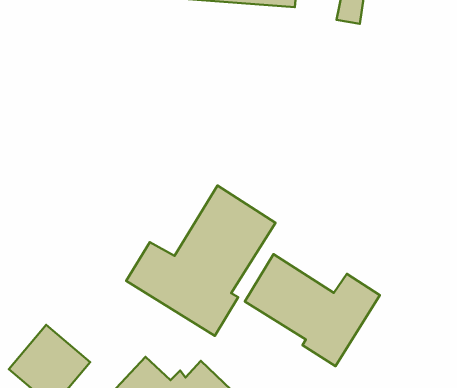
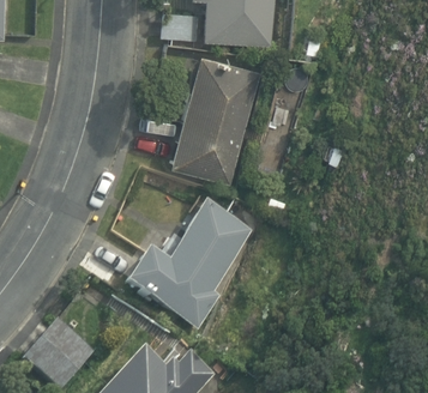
building: none -> [167,55,260,183]
building: [245,254,380,366] -> none

